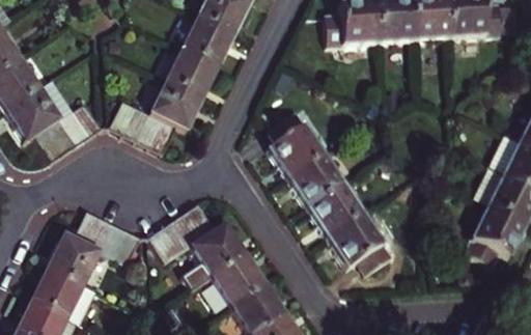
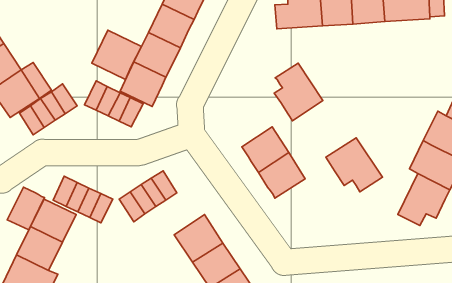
building: none -> [92,30,141,79]
building: [268,110,323,175] -> [274,63,323,121]
building: [326,212,390,273] -> [326,138,383,192]
building: none -> [7,187,45,230]
building: [192,223,246,275] -> none

